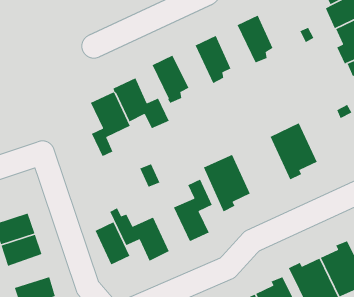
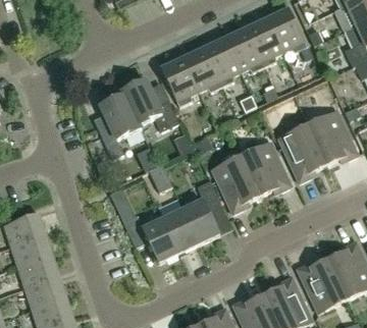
building: none -> [267,7,307,51]
building: none -> [225,26,264,71]
building: none -> [182,47,222,91]
building: none -> [308,110,358,163]
building: none -> [242,141,292,195]
building: [94,221,130,265] -> [163,208,199,252]
building: none -> [18,255,60,287]

